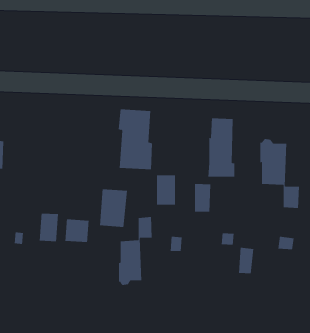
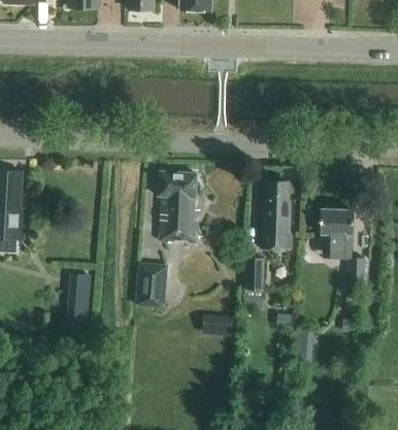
building: [157,174,175,205] -> none
building: [118,216,152,286] -> none
building: [65,219,89,243] -> none

